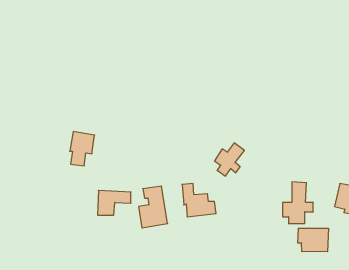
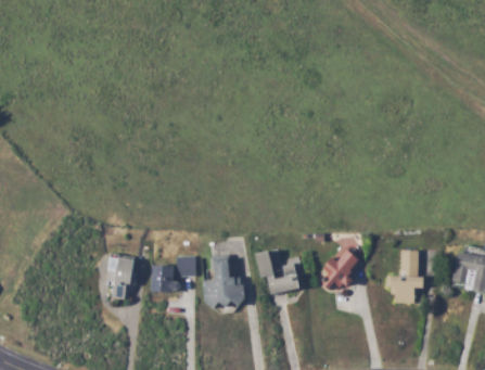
building: [70,132,95,166] -> [104,255,136,298]
building: [215,143,244,176] -> [321,248,359,291]
building: [298,228,328,252] -> none

